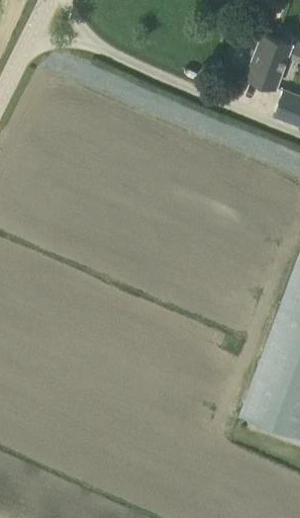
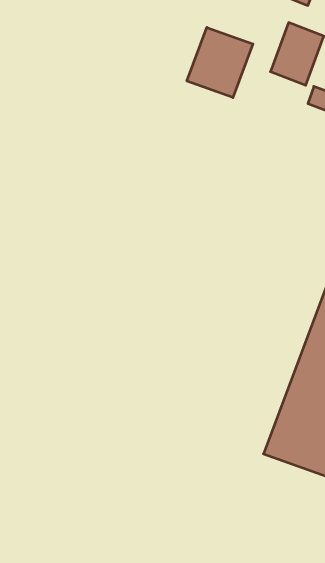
building: none -> [187,27,253,98]

